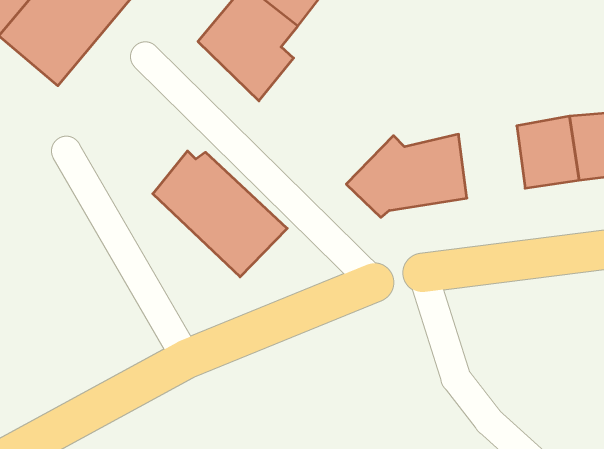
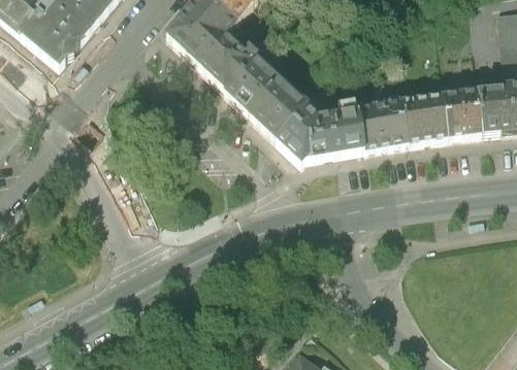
building: none -> [356,98,406,152]
building: [153,151,287,277] -> [207,47,308,141]

